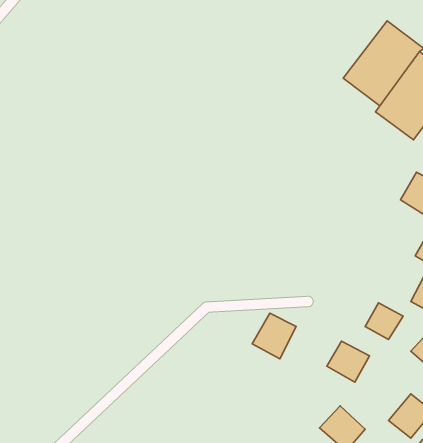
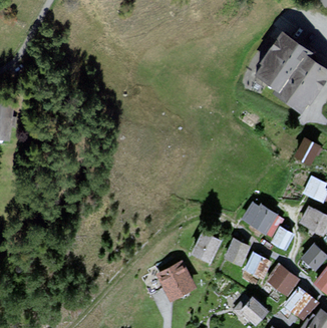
building: none -> [243,205,278,235]
building: none -> [224,238,250,265]
building: none -> [158,261,199,300]
building: none -> [268,265,301,297]

